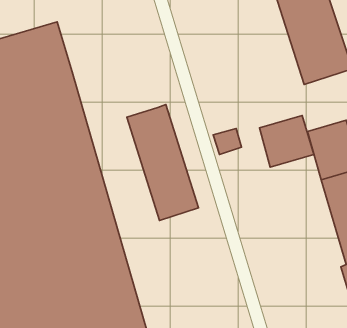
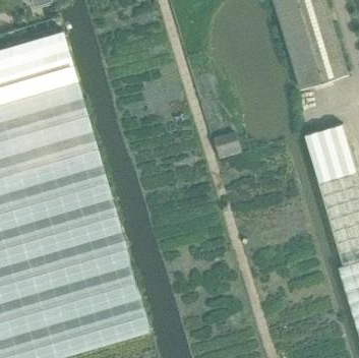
building: [127,105,198,221] -> none
building: [260,116,314,167] -> none

